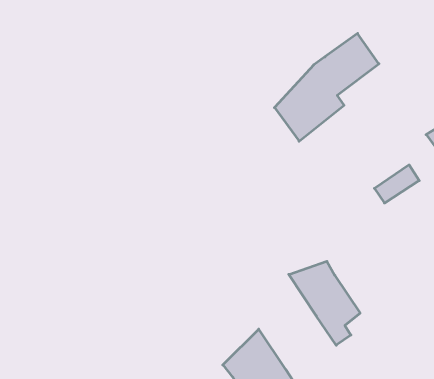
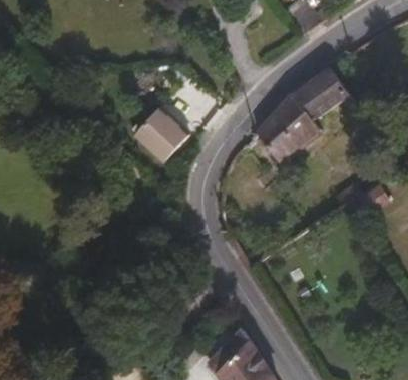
building: none -> [132,107,189,162]
building: [289,261,360,345] -> none

